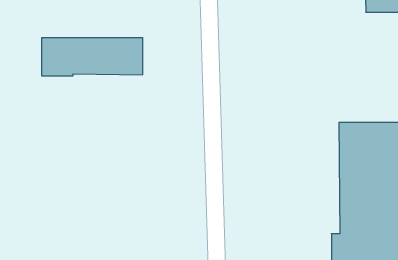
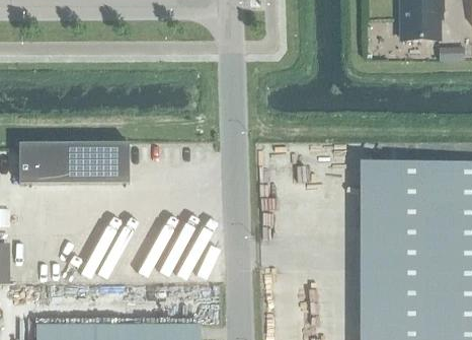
building: [42,38,143,76] -> [19,141,130,183]

